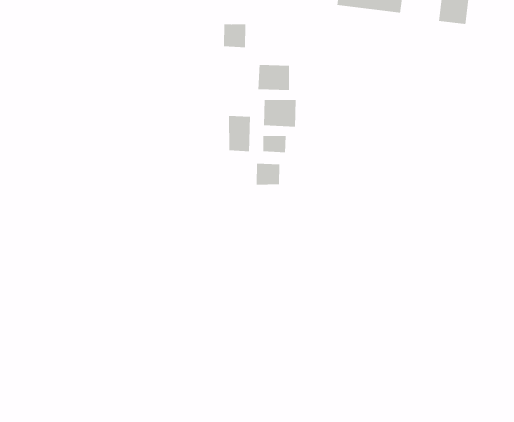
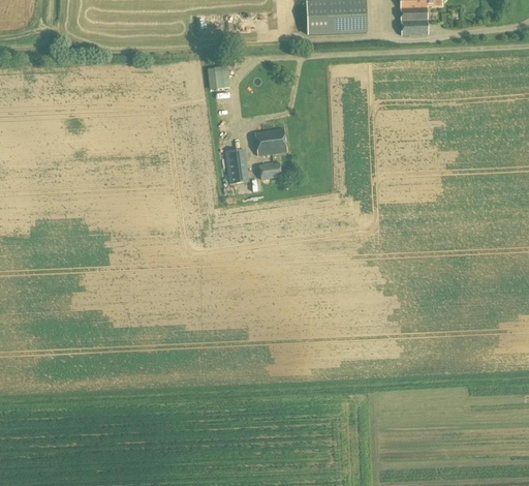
building: [258,64,290,91] -> none
building: [256,163,280,185] -> none

